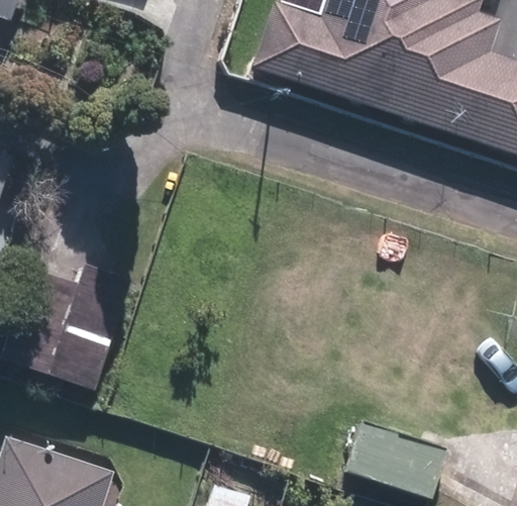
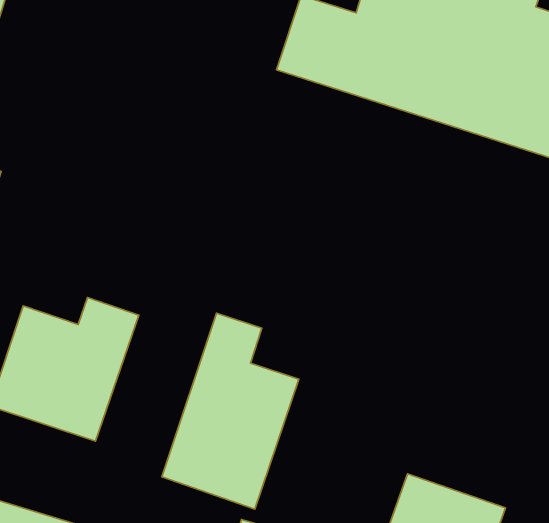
building: none -> [162,313,299,509]

